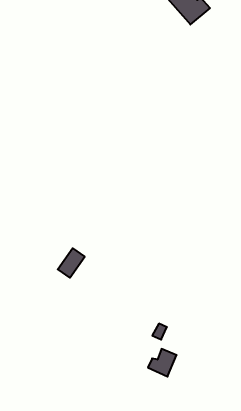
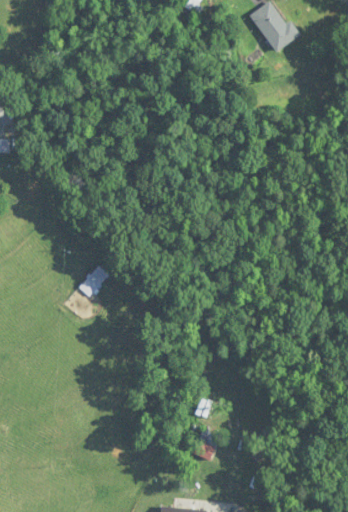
building: [58,248,85,278] -> [77,264,110,298]

